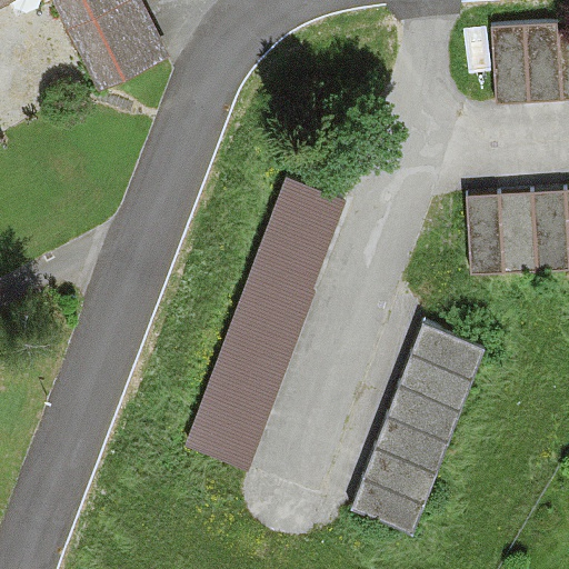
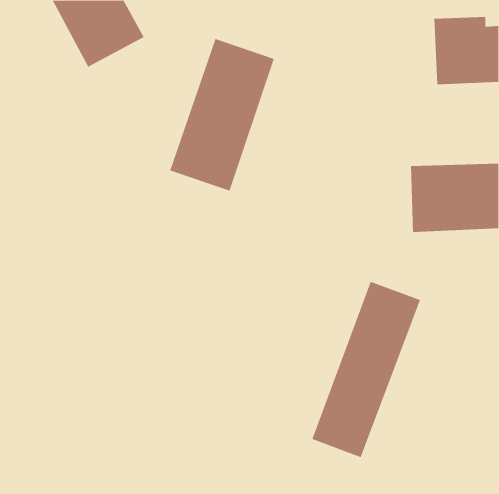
building: none -> [170,38,274,192]
building: [193,181,339,467] -> none

